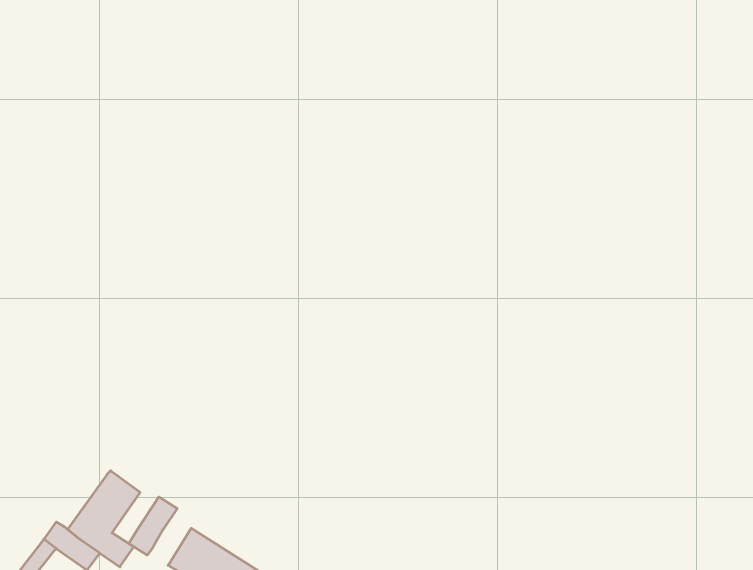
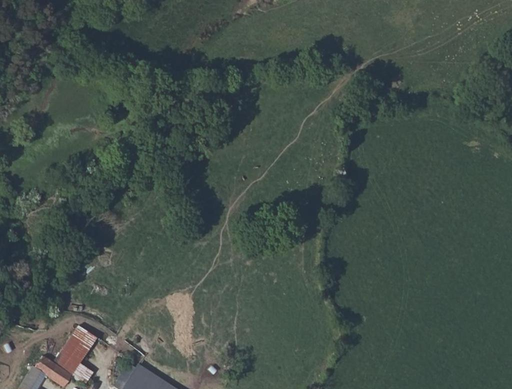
building: [129,497,177,555] -> none

